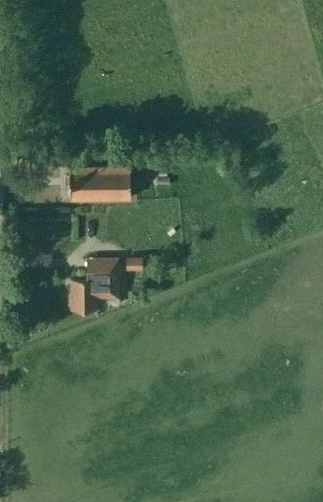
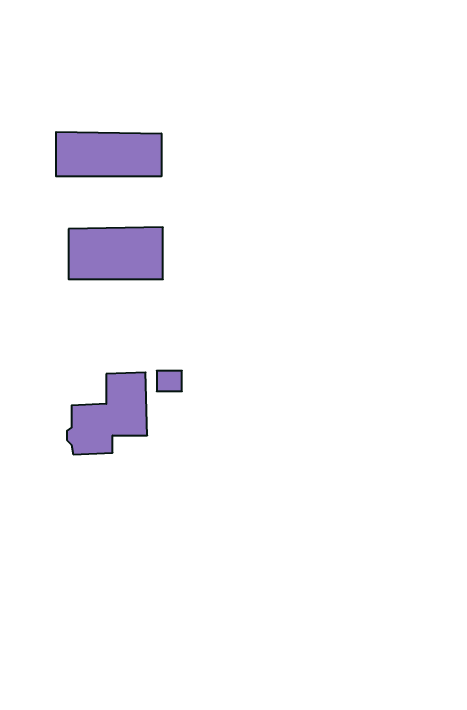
building: none -> [56,132,161,176]

